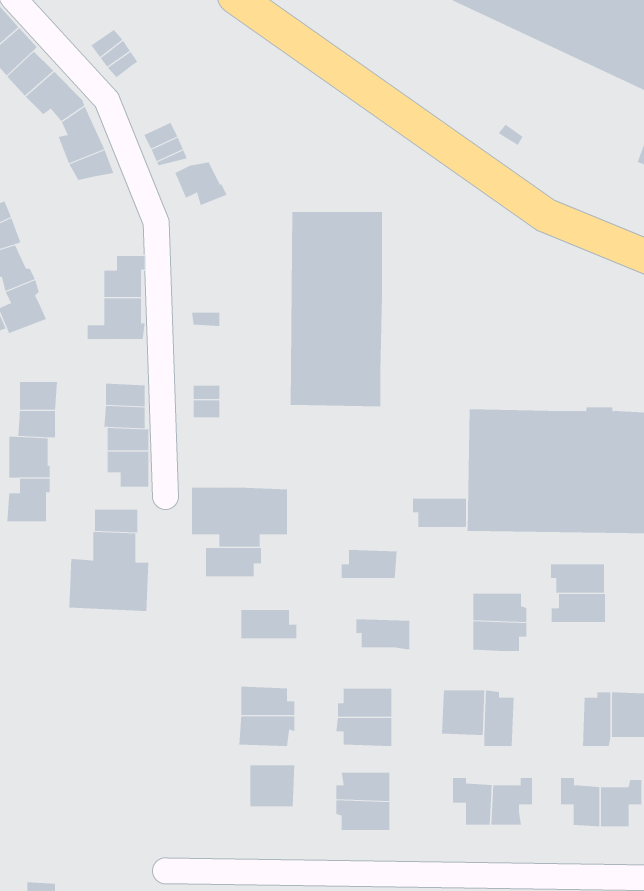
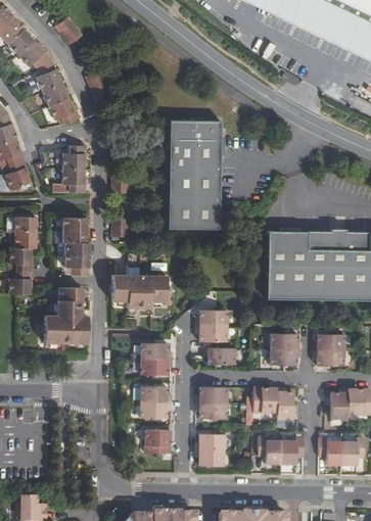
building: [174,162,227,206] -> [50,99,80,124]
building: [412,498,467,527] -> [196,326,227,342]
building: [205,548,262,577] -> [140,360,172,376]
building: [550,564,605,593] -> [314,350,344,367]

